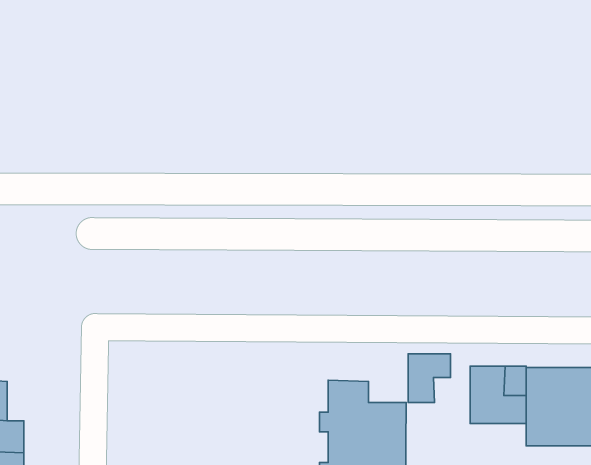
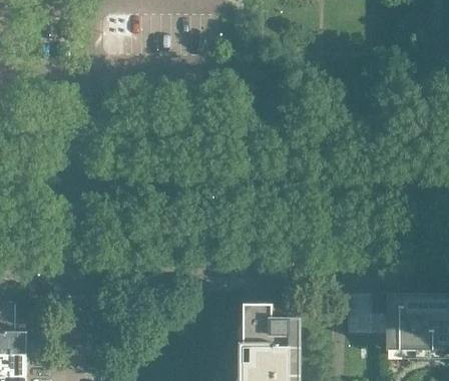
building: [408,354,450,403] -> none

